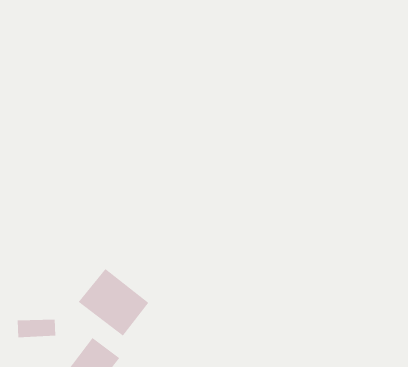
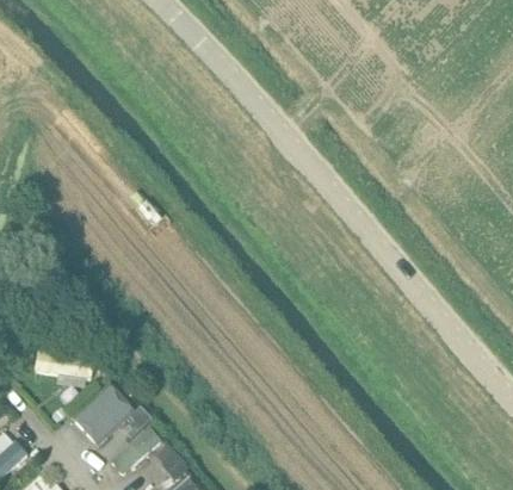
building: [78,268,149,337] -> none

